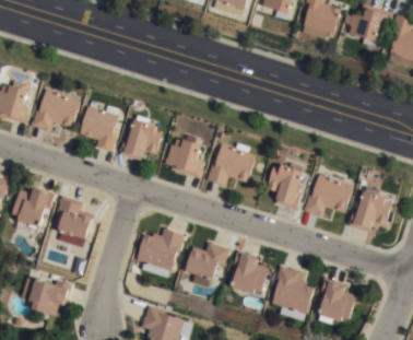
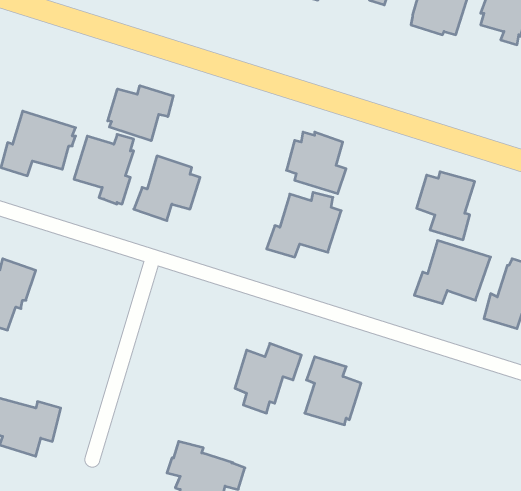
building: none -> [108,86,173,141]
building: [165,138,204,178] -> [286,132,346,194]
building: [267,164,305,209] -> [417,172,475,240]
building: [56,196,93,246] -> none
building: [135,227,186,277] -> none
building: [272,266,314,320] -> none
building: [318,278,357,325] -> none

